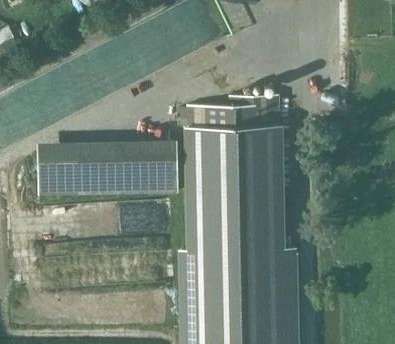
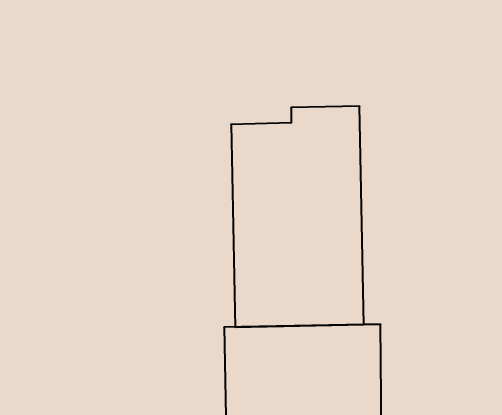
building: [41,141,179,196] -> none

